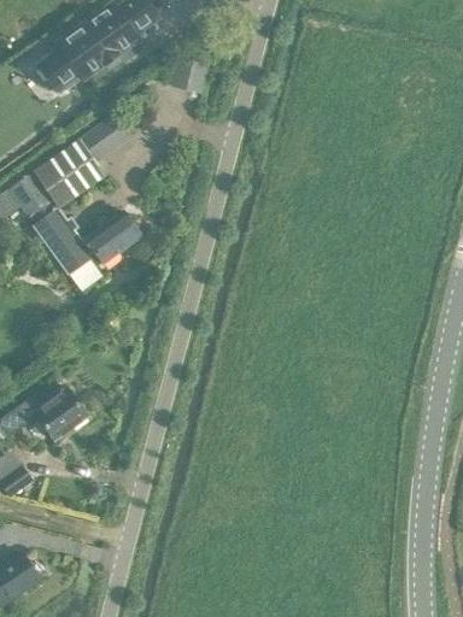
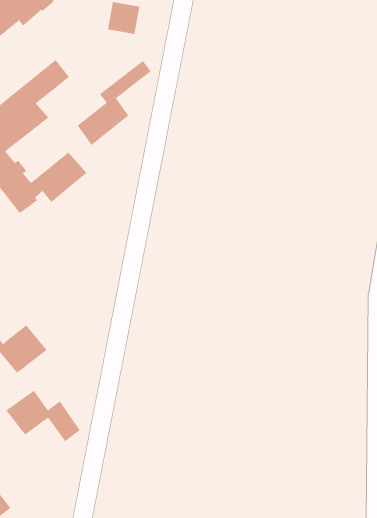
building: none -> [77,60,151,146]
building: none -> [6,390,80,442]

